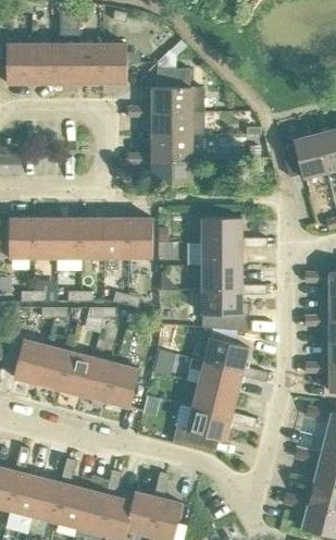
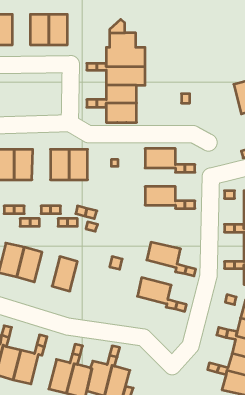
building: [30,45,53,84] -> none
building: [101,45,126,84] -> none
building: [281,135,325,179] -> none
building: [55,219,79,258] -> none
building: [127,219,151,258] -> none
building: [201,243,240,267] -> none
building: [201,291,240,331] -> none
building: [59,352,91,395] -> none
building: [188,358,241,394] -> none
building: [104,364,138,407] -> none
building: [171,408,229,452] -> none
building: [54,483,87,528] -> none

